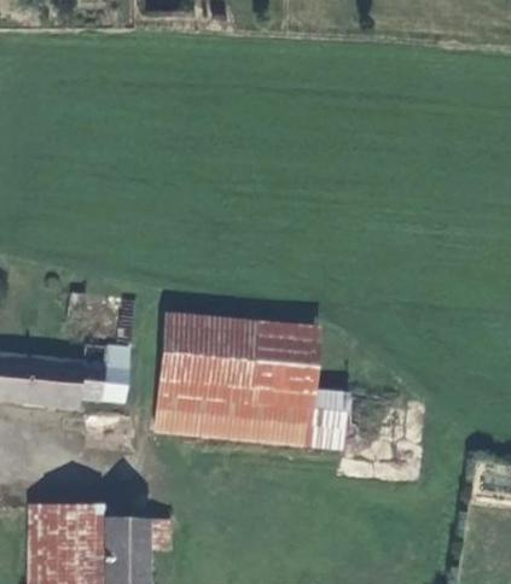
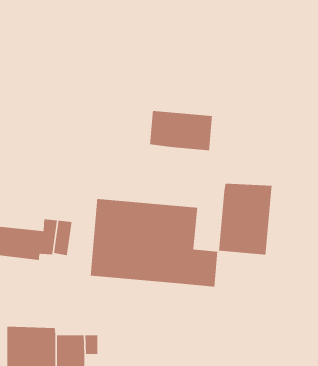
building: none -> [149,110,213,151]
building: none -> [218,183,272,255]

